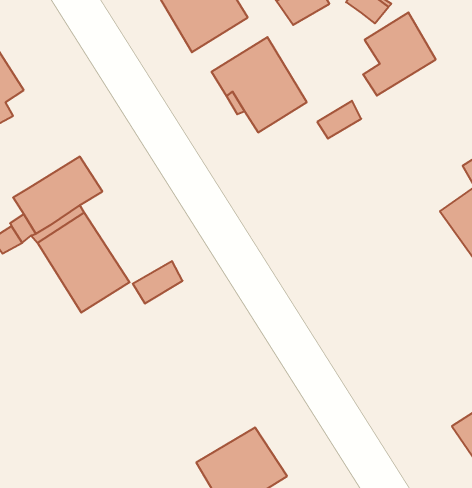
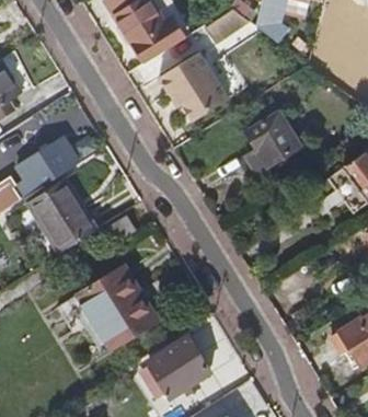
building: [363,12,436,96] -> [243,111,296,171]
building: none -> [78,268,157,350]

